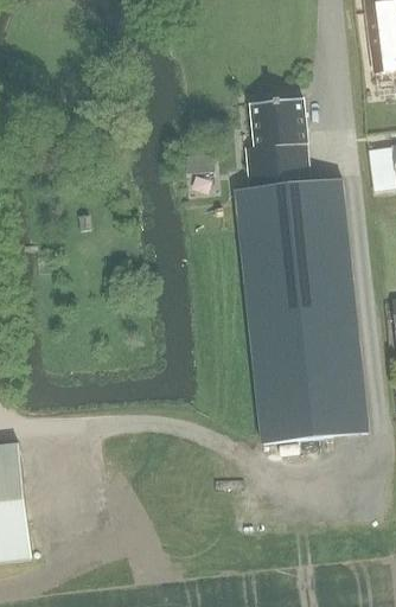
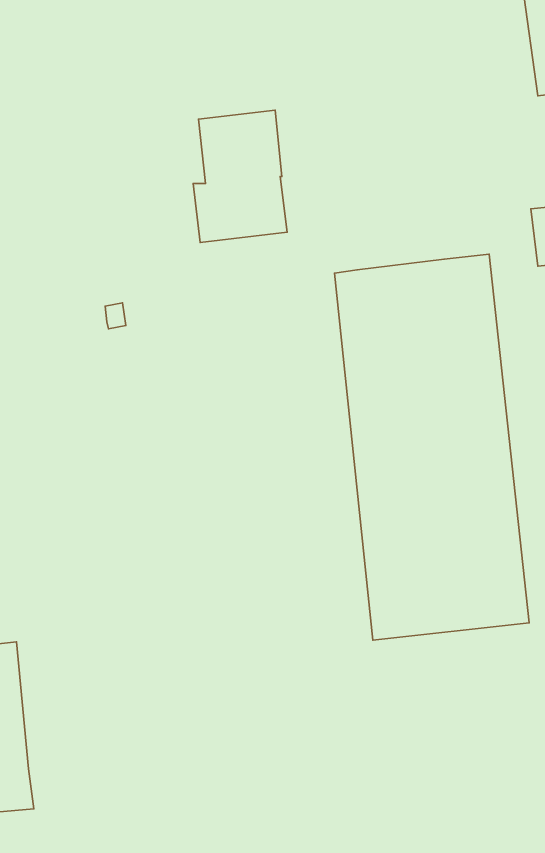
building: [245,100,309,190] -> [193,110,287,242]

